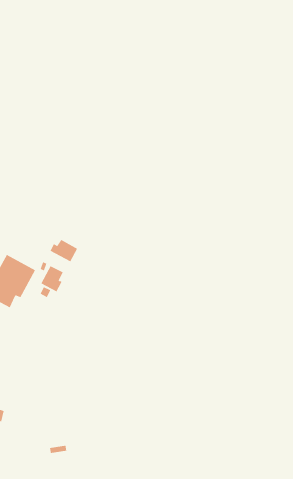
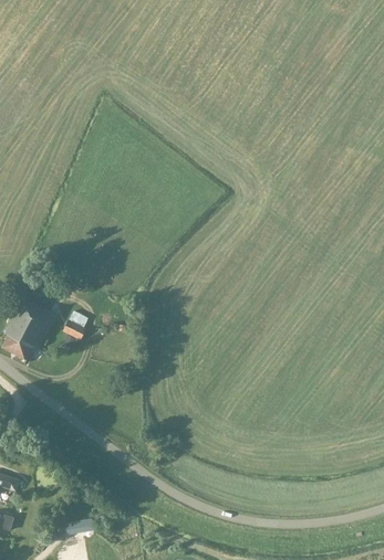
building: [50,239,78,262] -> none

